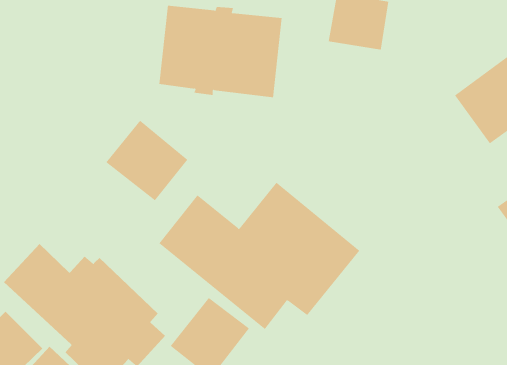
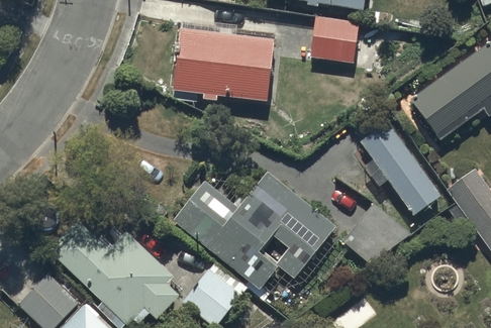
building: [106,120,188,201] -> none
building: none -> [358,120,440,215]

